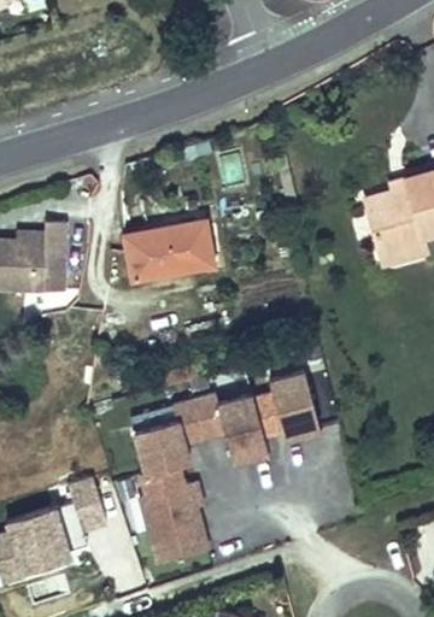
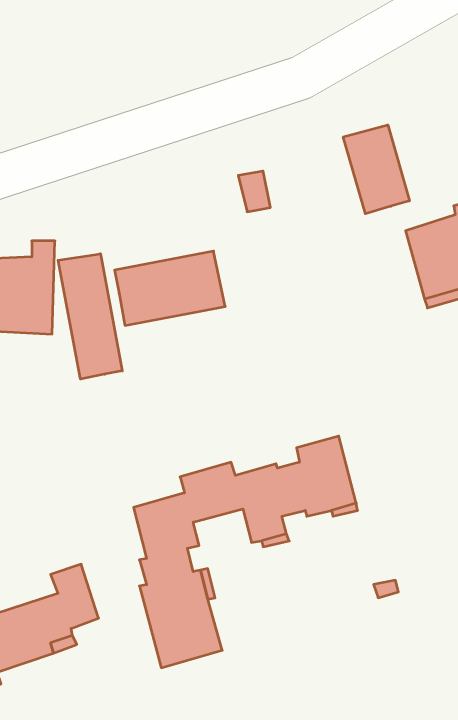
building: none -> [343,125,409,214]
building: none -> [58,254,122,379]

